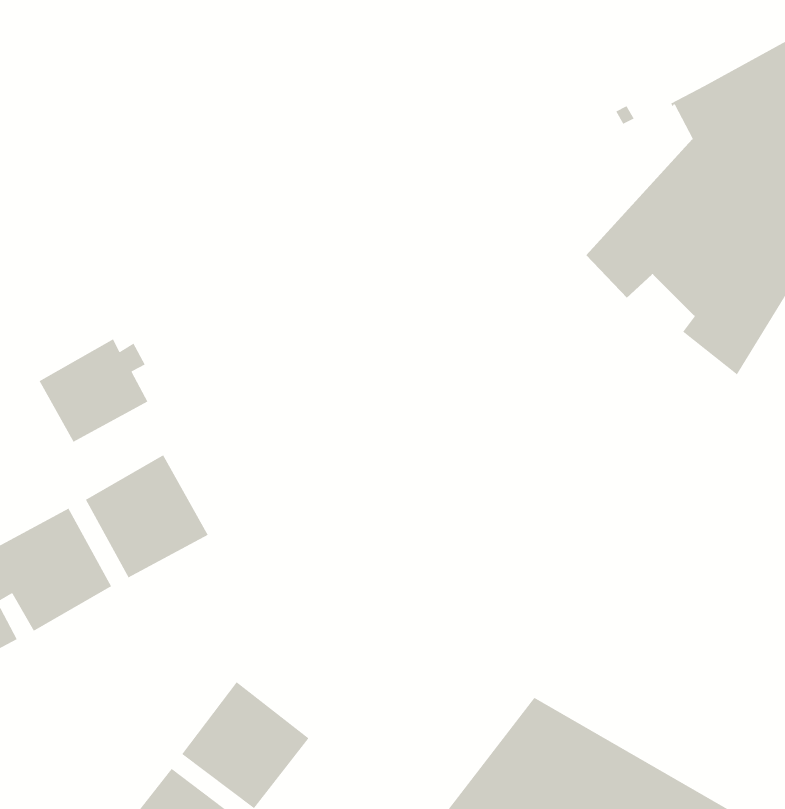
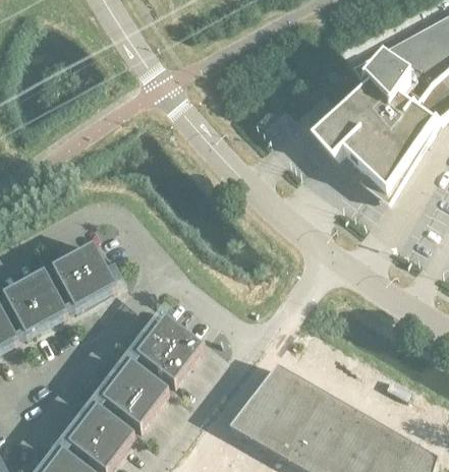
building: [38,338,148,443] -> none
building: none -> [134,315,201,381]

